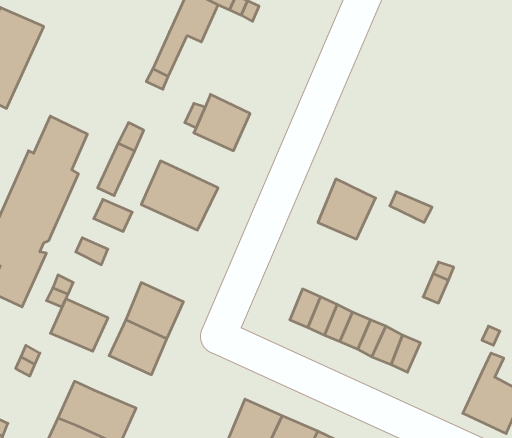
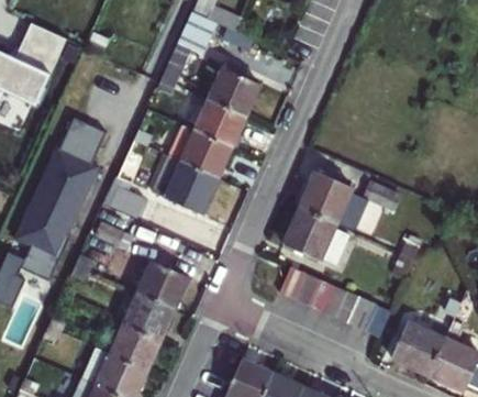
building: none -> [211,68,259,115]
building: none -> [168,125,231,179]
building: none -> [286,209,353,260]
building: [50,299,108,351] -> [111,323,160,368]
building: none -> [391,321,444,373]

